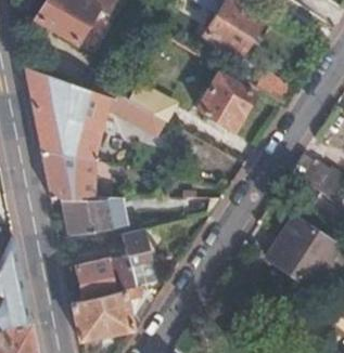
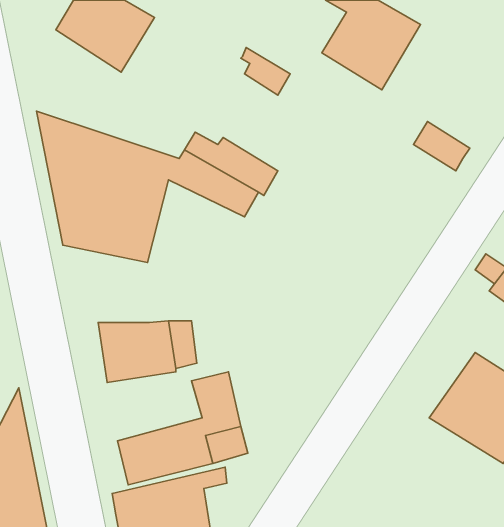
building: [195,74,256,132] -> none
building: [41,151,94,198] -> none

